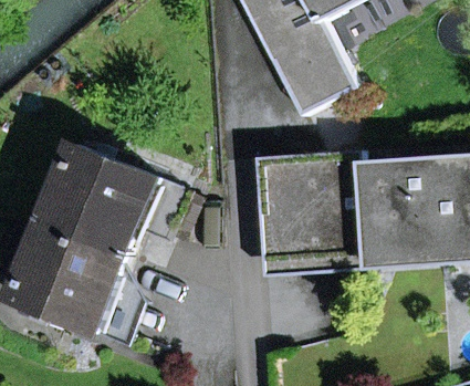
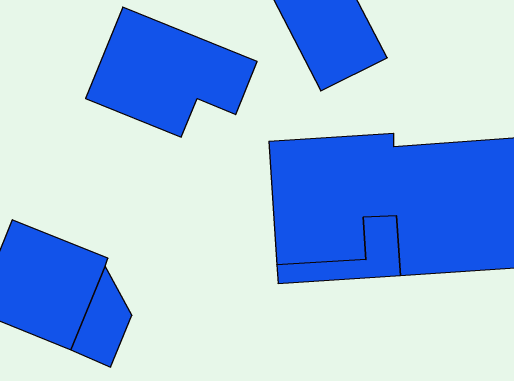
building: [42,145,185,253] -> [86,7,257,137]

